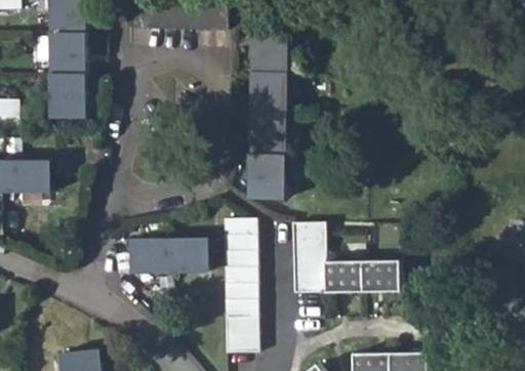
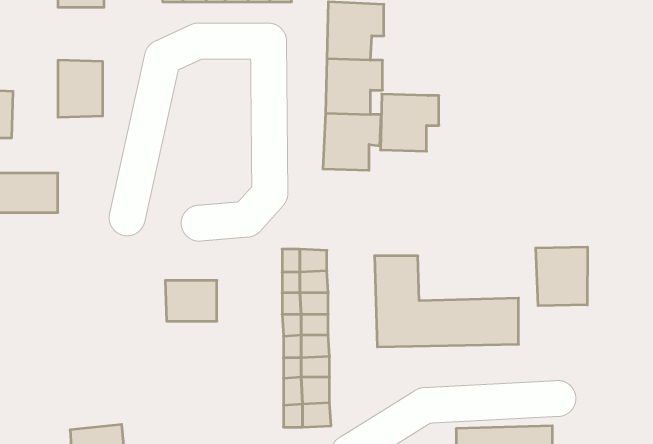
building: [50,36,85,77] -> none
building: [249,158,293,201] -> [380,94,439,151]
building: none -> [536,247,587,306]
building: [170,242,209,273] -> none

